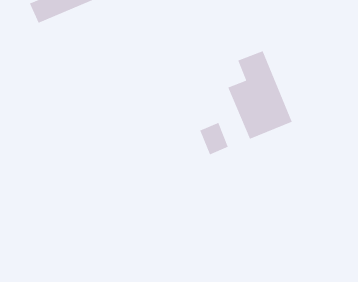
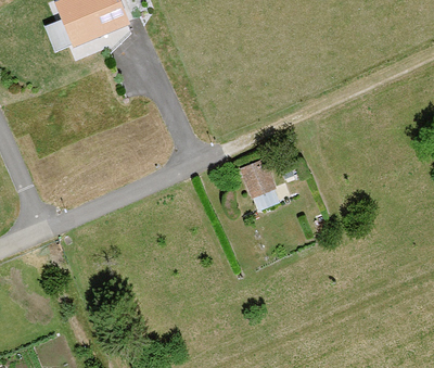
building: [227,50,293,140] -> none

